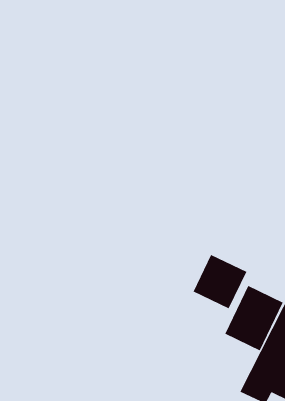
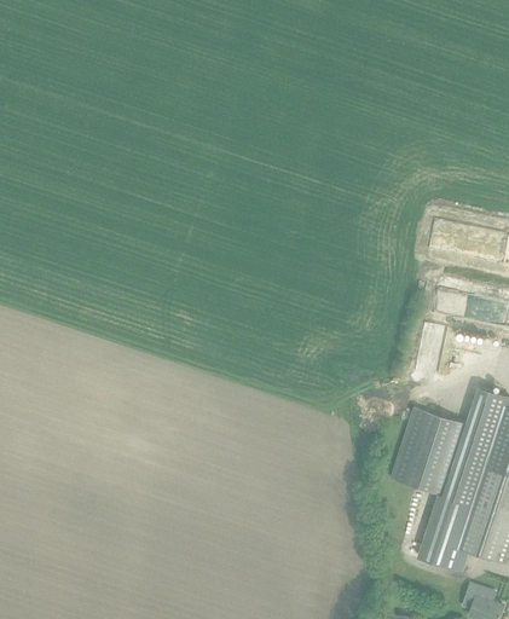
building: [193,254,247,309] -> none

